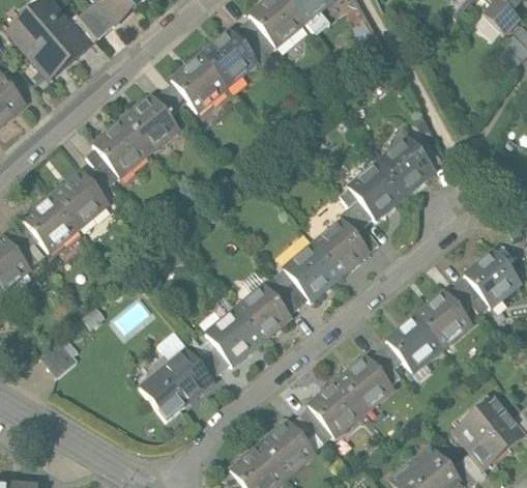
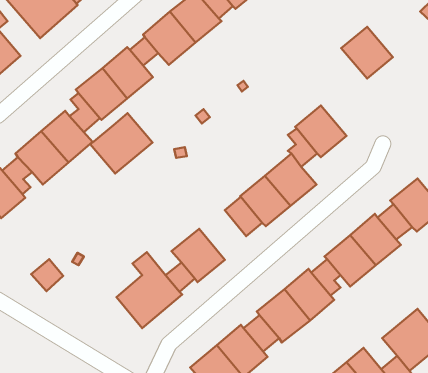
building: [378,136,438,196] -> [341,27,393,78]
building: none -> [90,113,153,173]
building: [236,281,294,341] -> none

